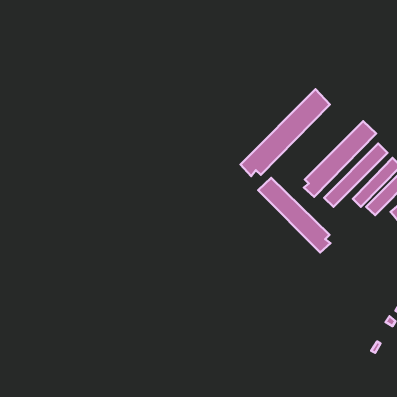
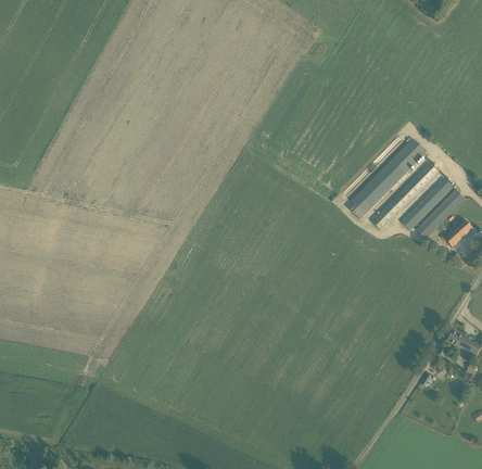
building: [240,89,330,176] -> none
building: [258,178,330,252] -> none

